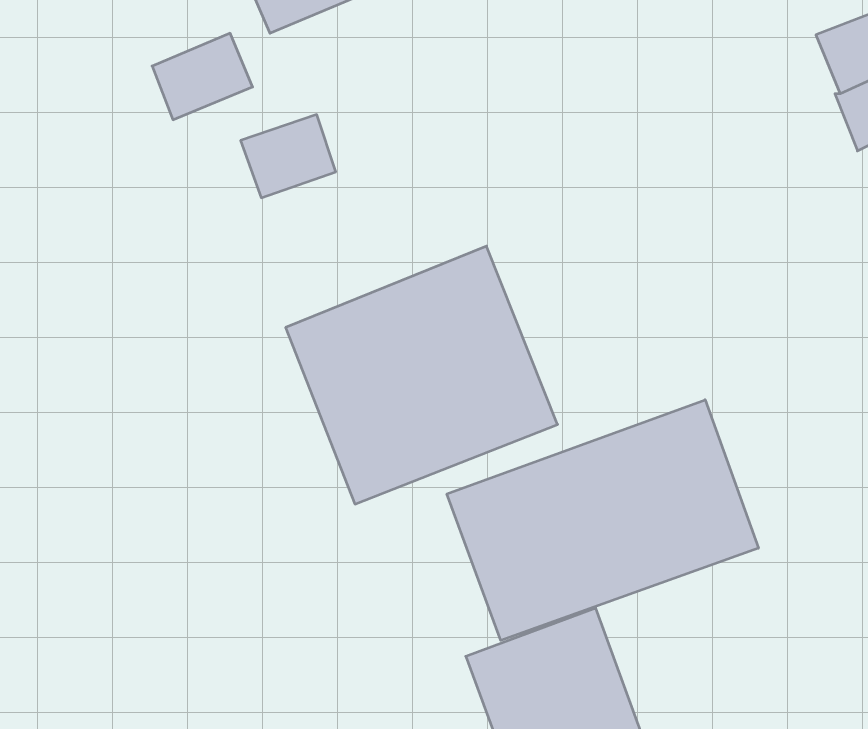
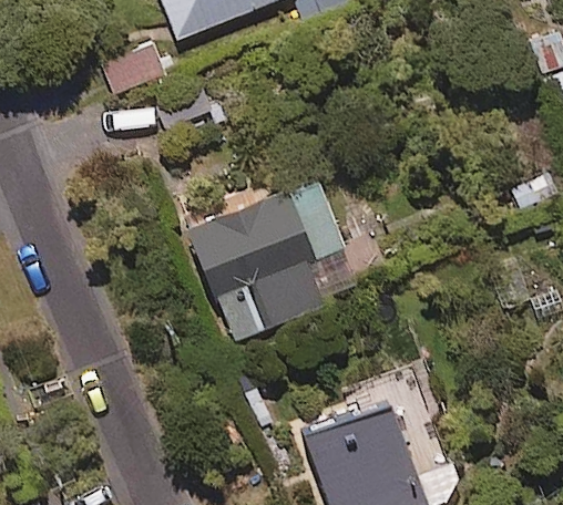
building: [447,400,758,640] -> none

